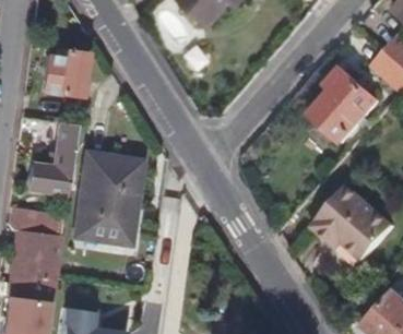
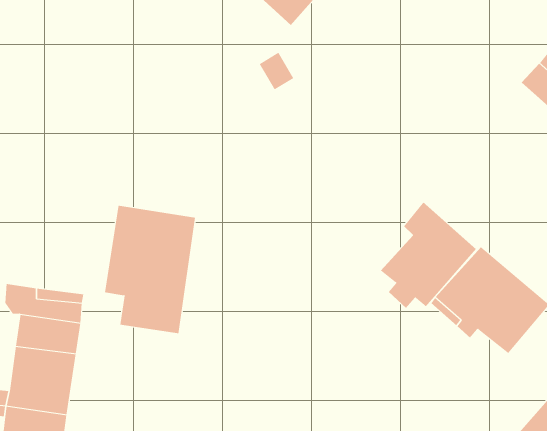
building: [42,49,86,96] -> none
building: [310,67,379,143] -> [380,202,477,309]
building: [29,123,75,193] -> none

